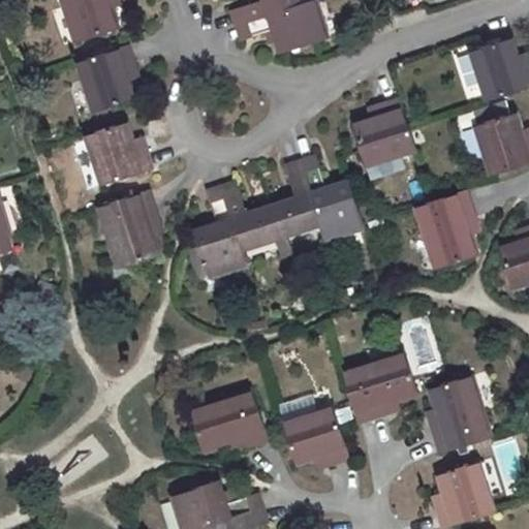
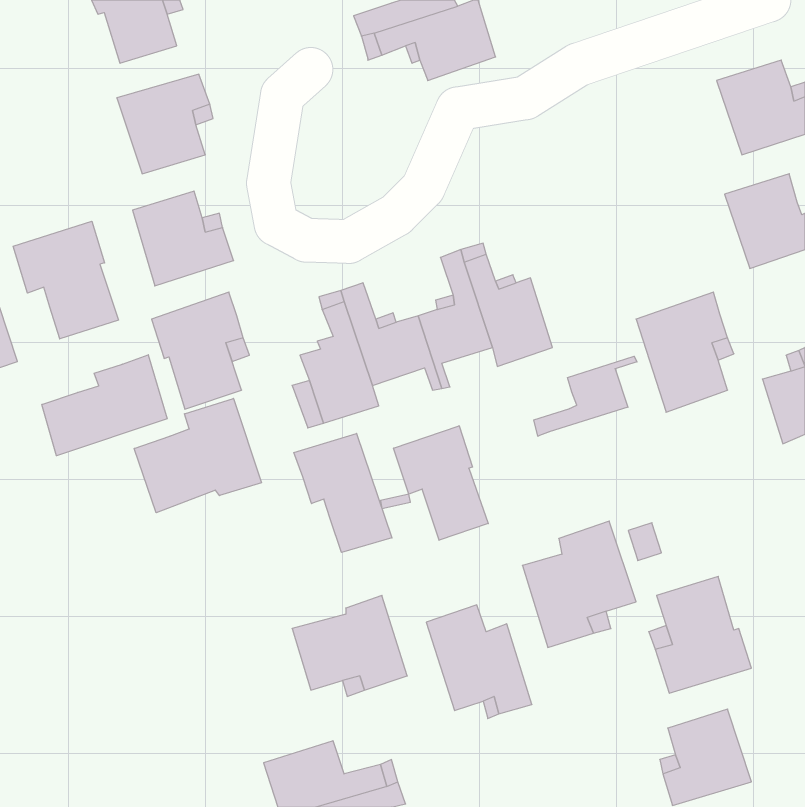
building: [353,101,414,167] -> none
building: none -> [13,221,119,339]
building: none -> [42,355,167,456]
building: none -> [534,356,637,436]
building: none -> [134,398,262,513]
building: none -> [394,426,488,540]
building: none -> [294,433,392,552]

